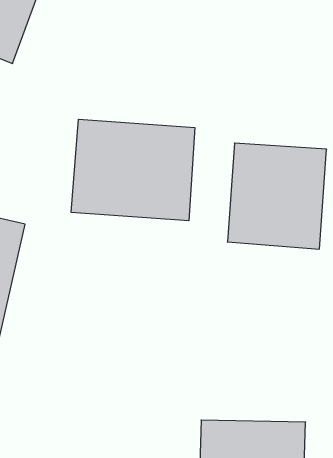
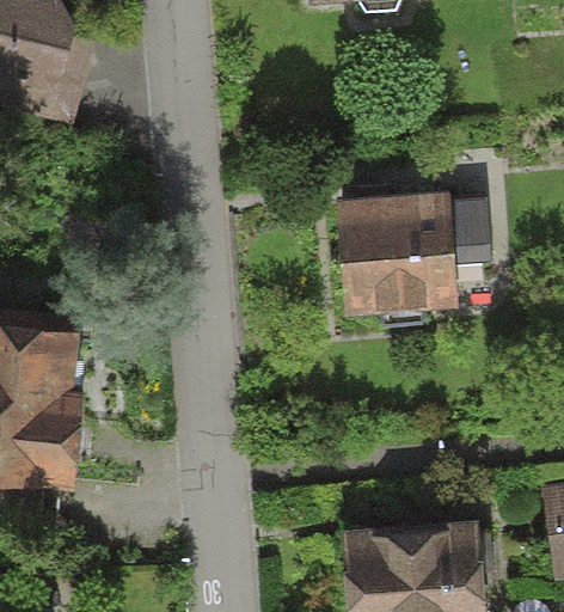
building: [71,119,195,221] -> none

